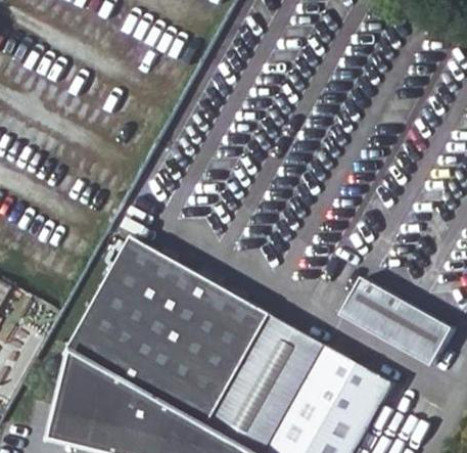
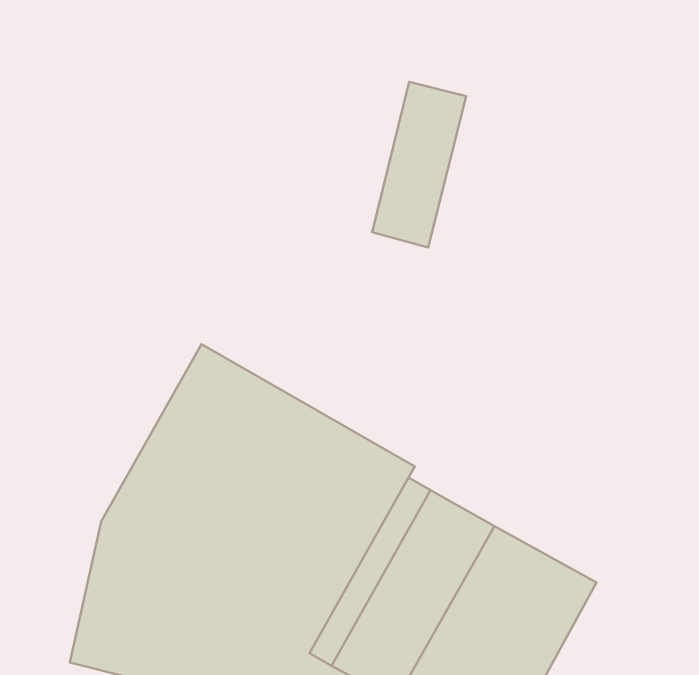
building: none -> [372,82,466,247]
building: [342,279,454,369] -> none

